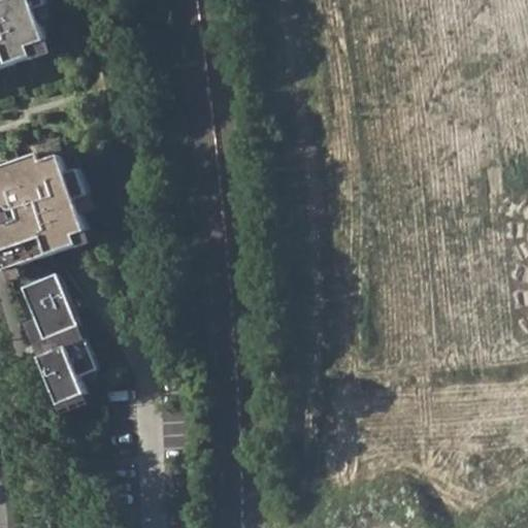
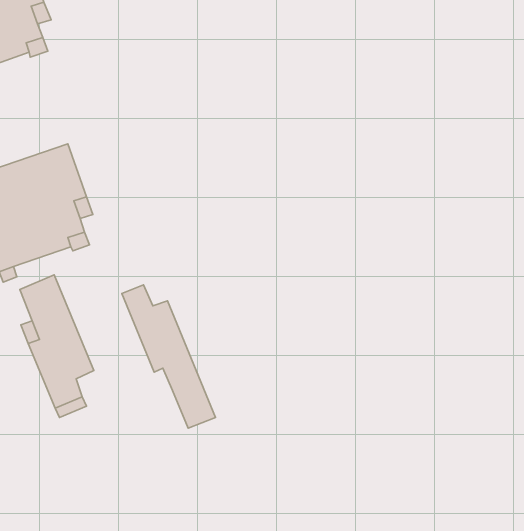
building: none -> [122,285,216,428]

